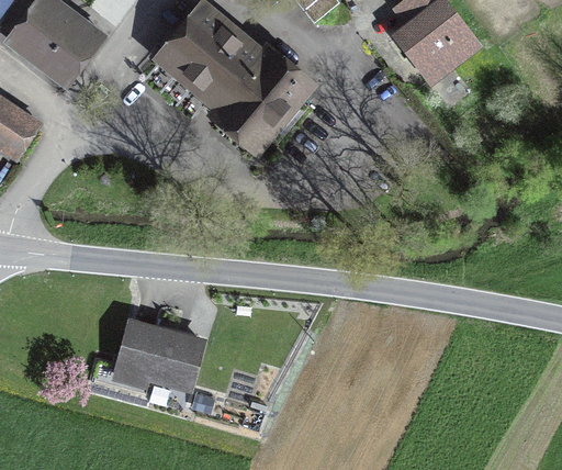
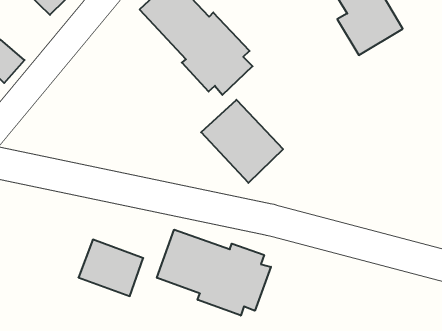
building: none -> [201,100,283,183]
building: none -> [157,230,271,316]

